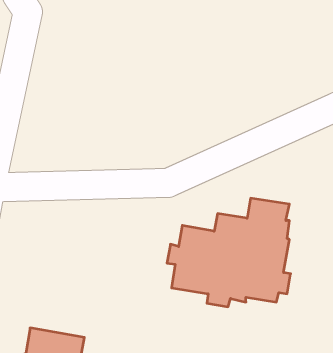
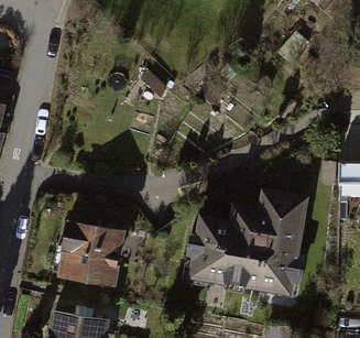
building: none -> [64,223,123,281]

